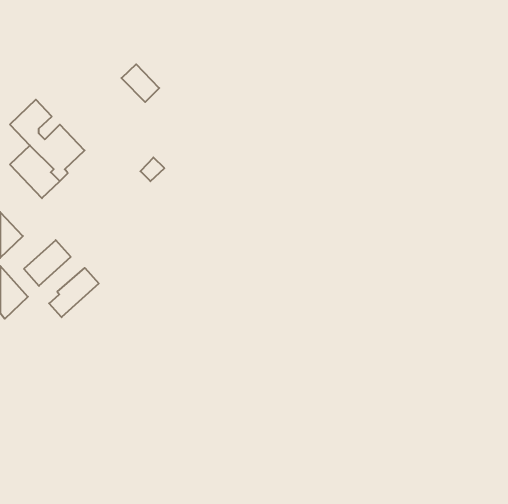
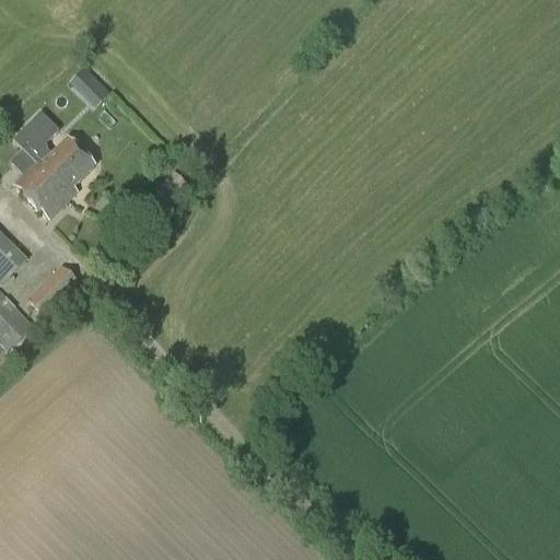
building: [121,64,159,102] -> [69,66,110,107]
building: [49,268,99,317] -> none

